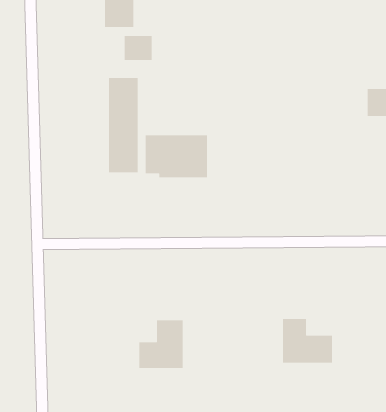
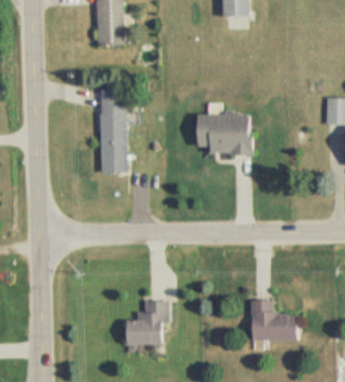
building: [124,35,153,61] -> none
building: [145,134,208,178] -> [196,115,251,153]

